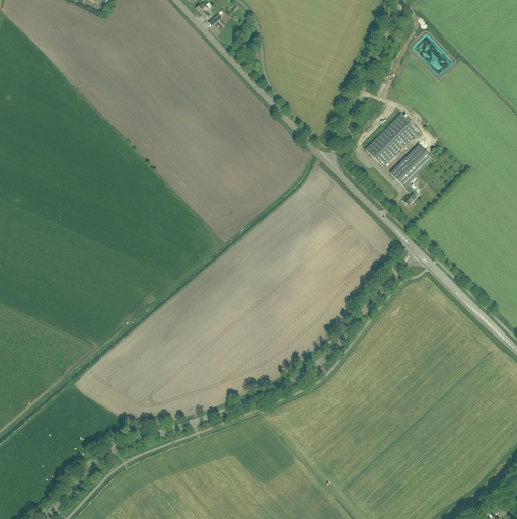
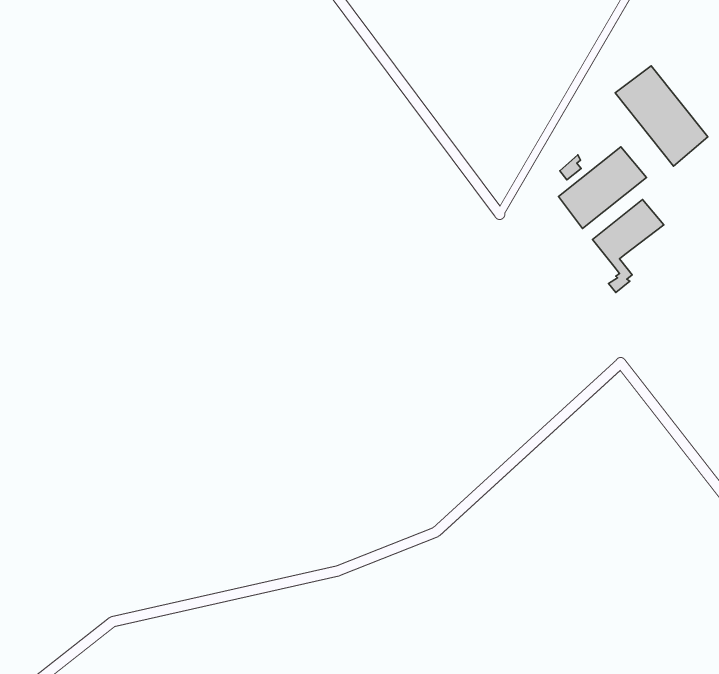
building: none -> [615,66,708,166]

